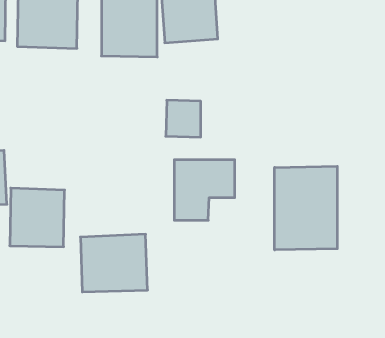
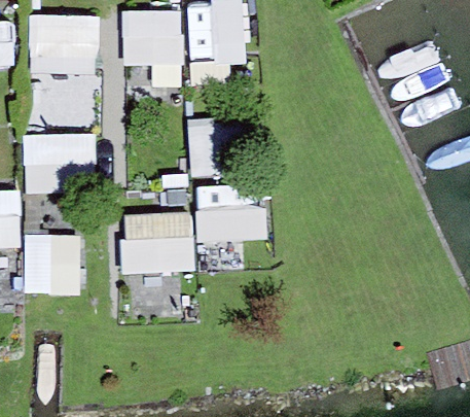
building: none -> [22,134,94,192]
building: [275,166,337,250] -> none
building: [80,234,148,292] -> [119,210,192,273]

